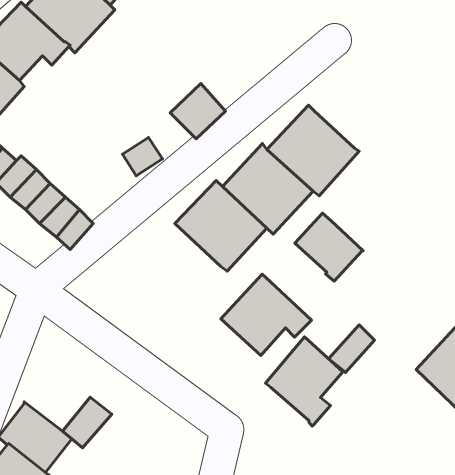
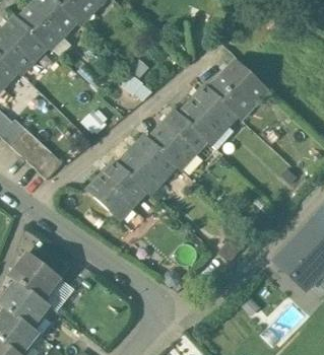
building: none -> [209,60,268,113]
building: [295,213,363,281] -> none
building: [221,274,312,356] -> [87,160,147,214]
building: [266,337,343,426] -> none
building: none -> [11,253,61,299]

